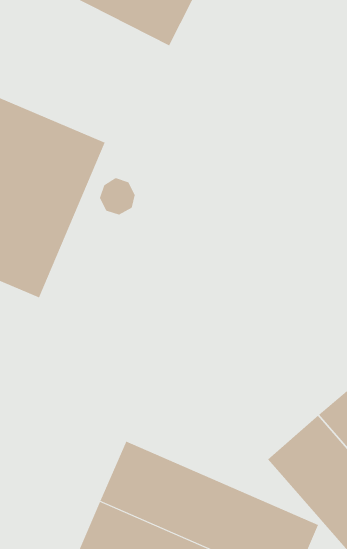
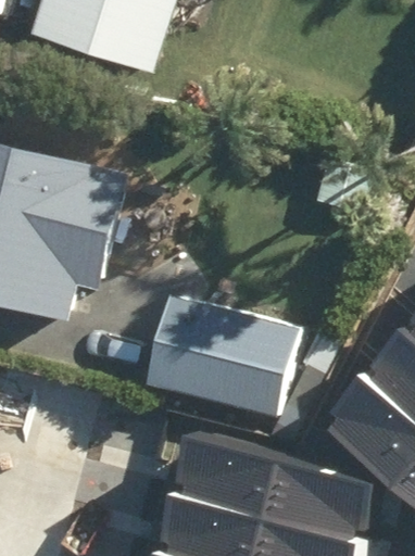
building: none -> [156,296,309,419]

